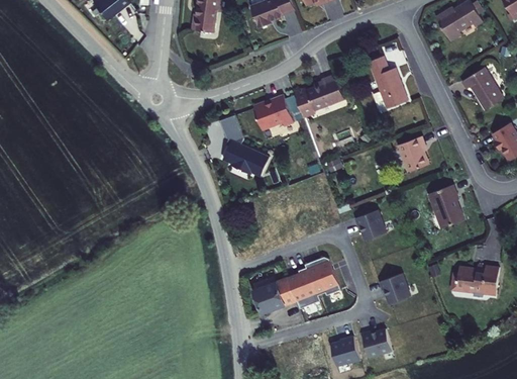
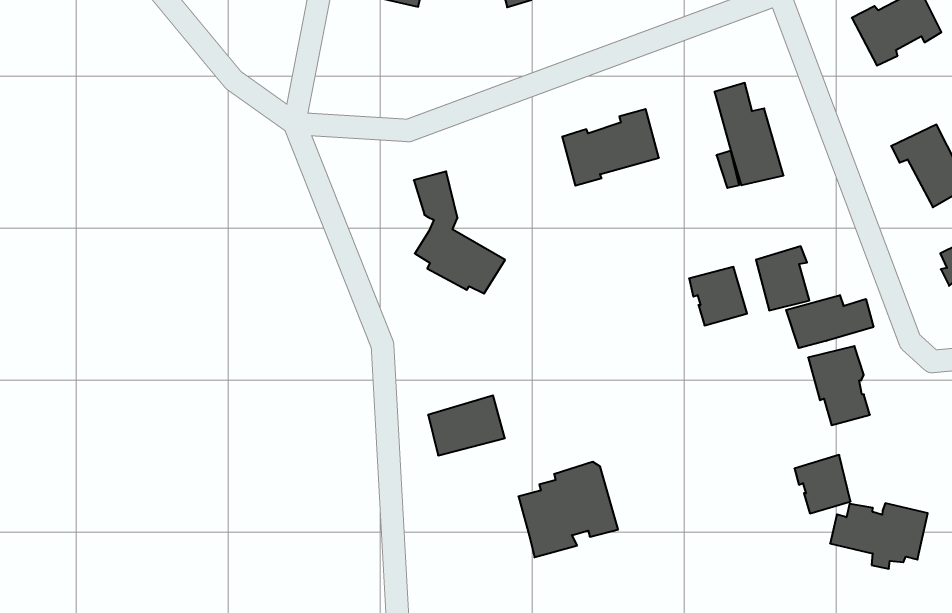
building: [253,94,294,127] -> none
building: none -> [786,295,873,348]
building: [356,209,388,241] -> [689,267,747,325]
building: [381,273,411,304] -> [794,455,851,513]
building: [256,278,297,311] -> [428,395,505,455]

